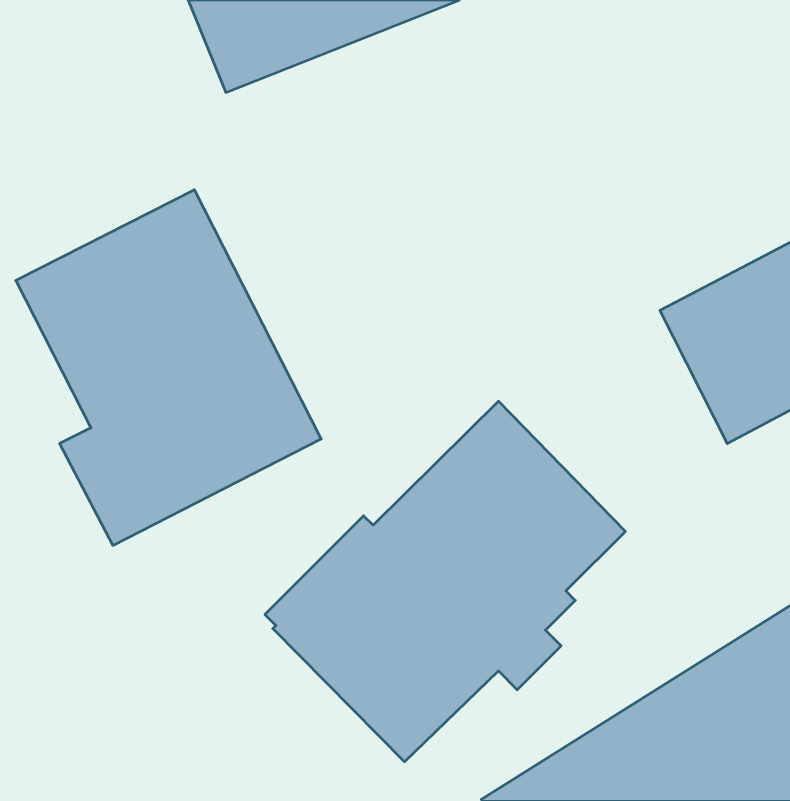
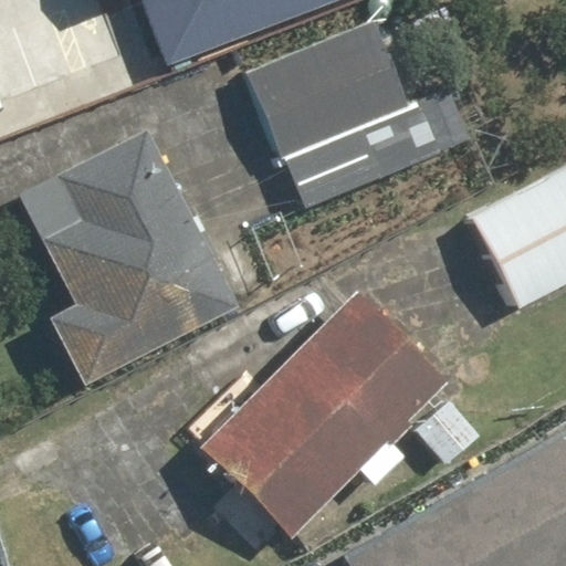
building: none -> [249,18,469,207]

